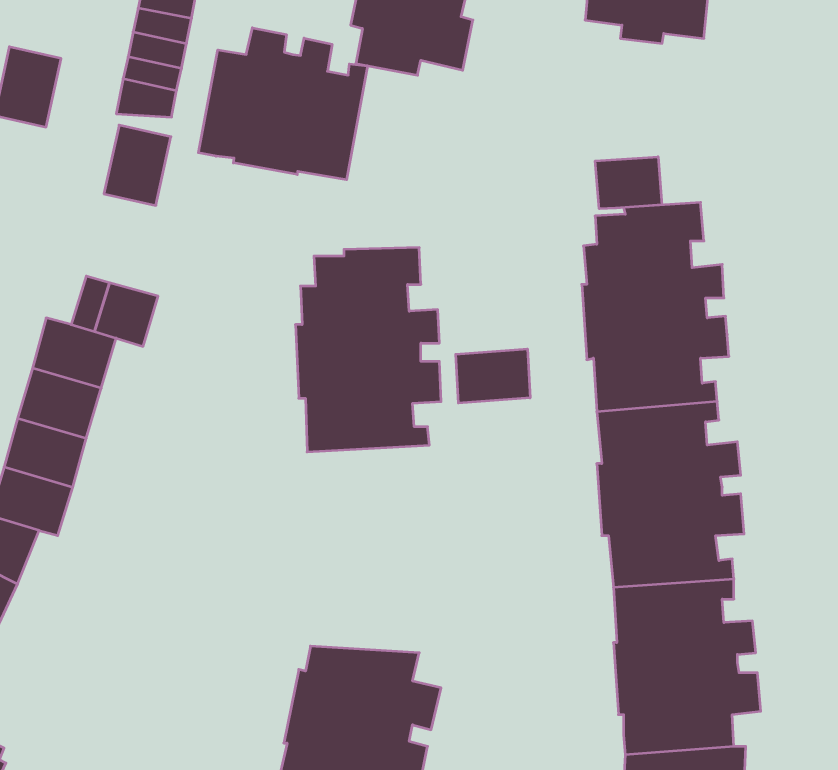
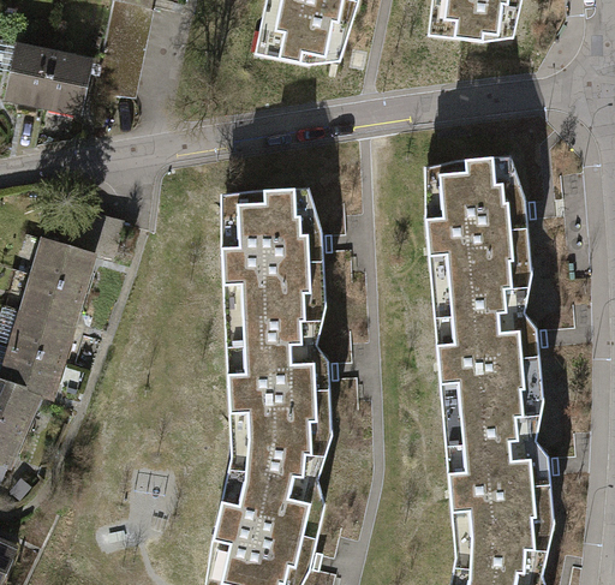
building: [198,28,367,180] -> none
building: [104,125,171,205] -> [42,54,90,112]
building: [595,157,662,209] -> none
building: [456,349,530,403] -> none
building: none -> [228,332,333,480]

